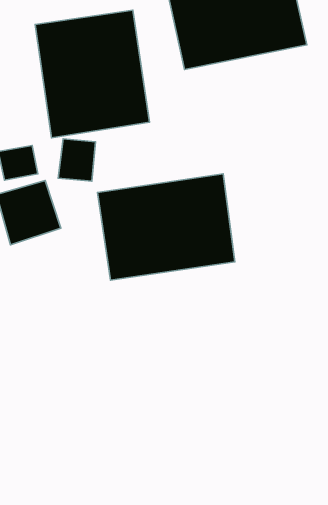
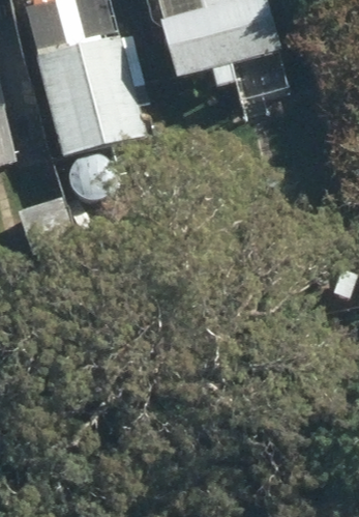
building: [98,174,235,280] -> none

